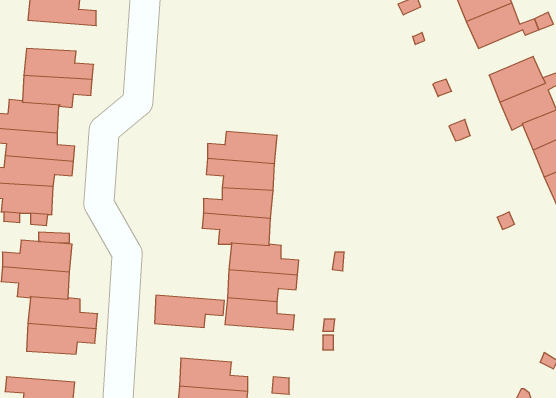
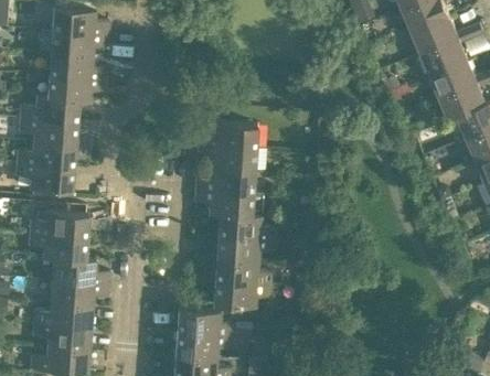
building: none -> [51,32,108,57]
building: none -> [423,40,468,77]
building: [155,295,224,327] -> [213,282,270,309]
building: none -> [34,304,92,330]

